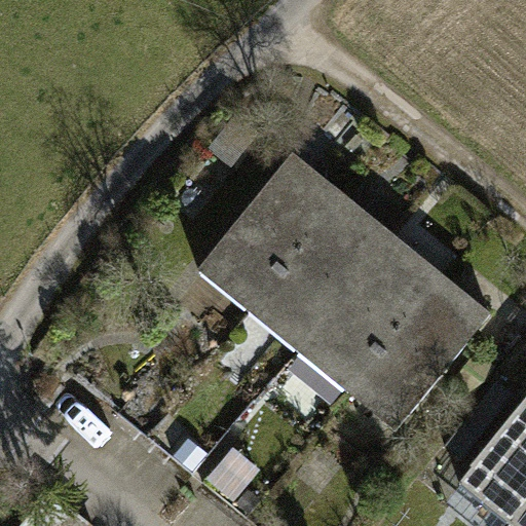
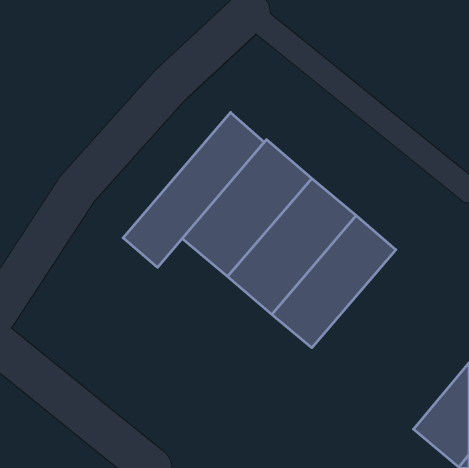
building: none -> [123,112,264,267]
building: [346,277,487,427] -> none

